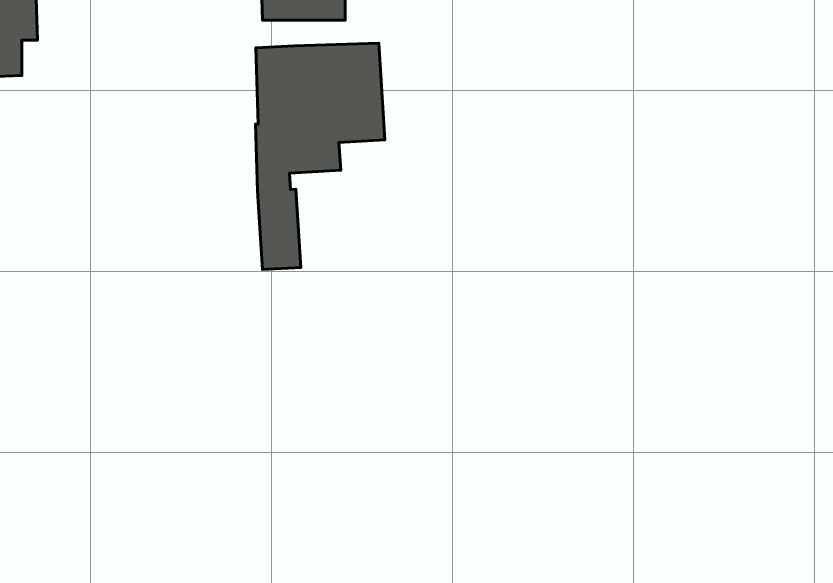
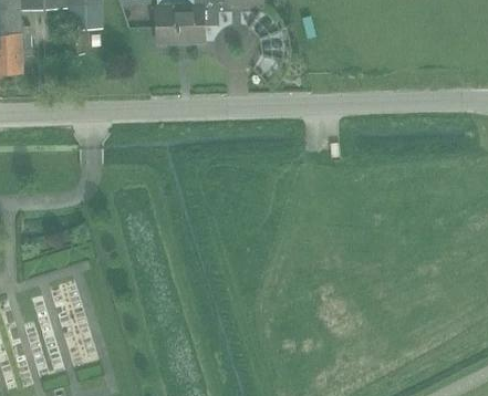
building: [256,43,385,270] -> none

